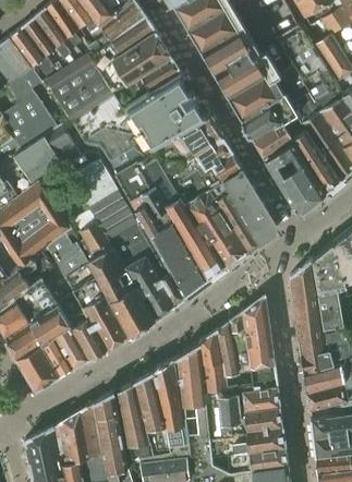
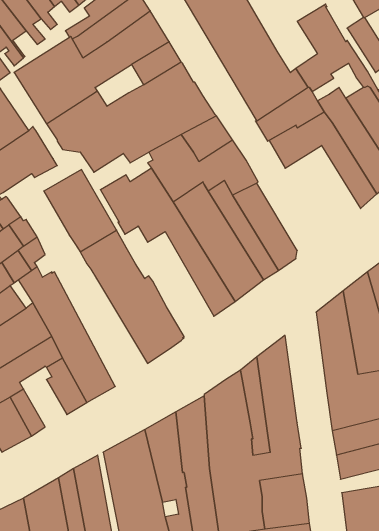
building: [265,142,326,215] -> none
building: [135,207,207,298] -> none
building: [78,225,154,337] -> none
building: [50,321,88,370] -> none

